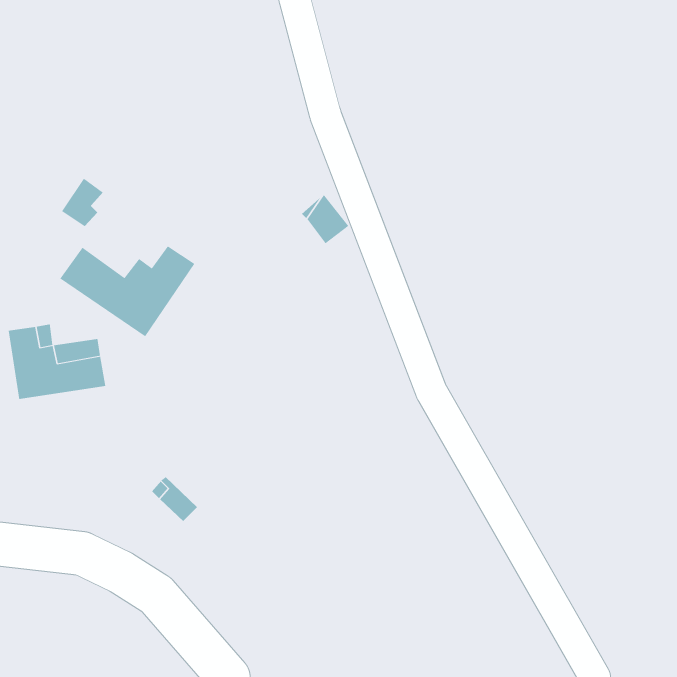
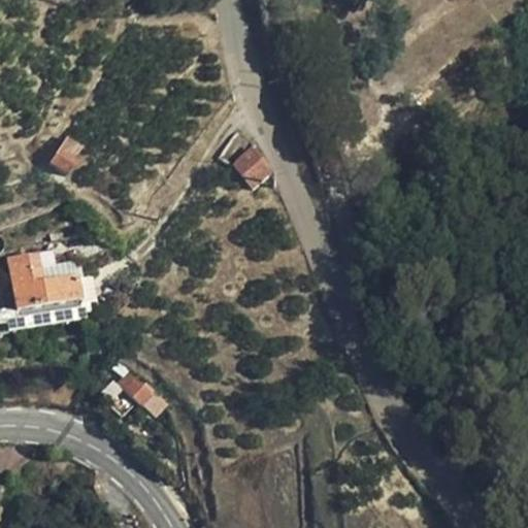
building: [60,245,195,337] -> none

